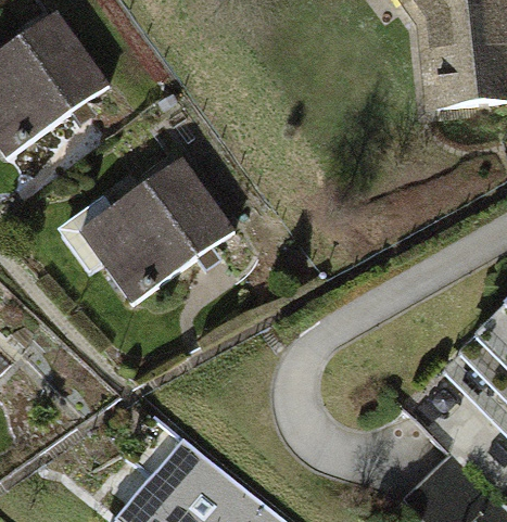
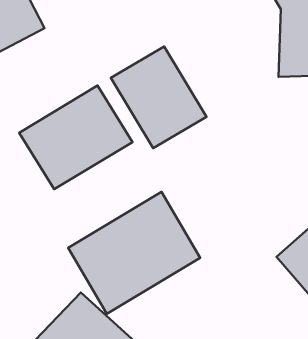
building: none -> [111,46,206,148]
building: none -> [68,192,200,314]

